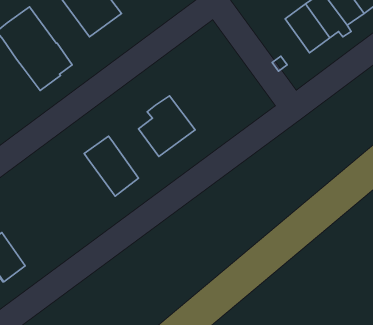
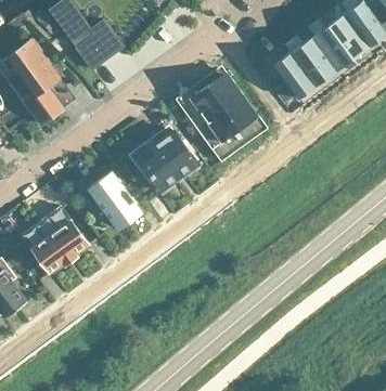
building: none -> [272,51,314,97]
building: none -> [175,65,266,160]
building: none -> [30,205,88,272]

